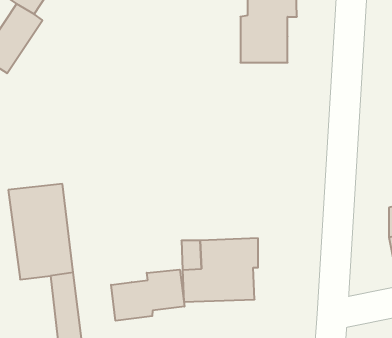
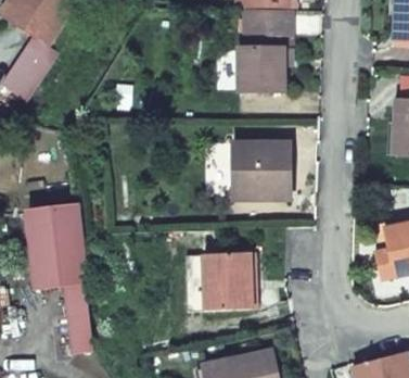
building: none -> [233,141,291,194]
building: [111,270,184,321] -> none

